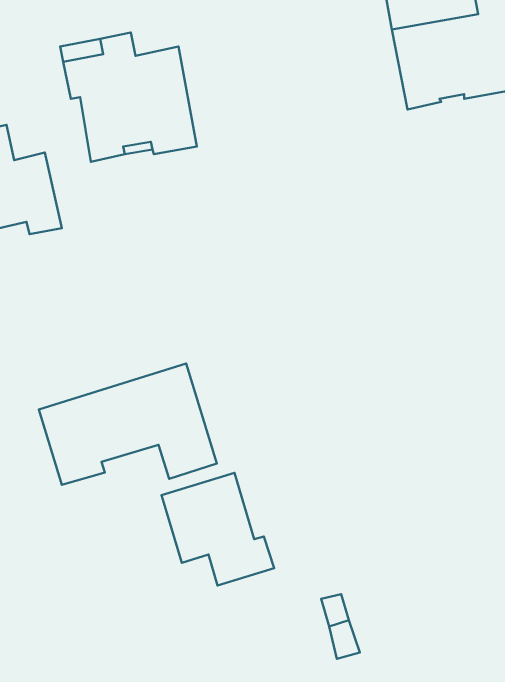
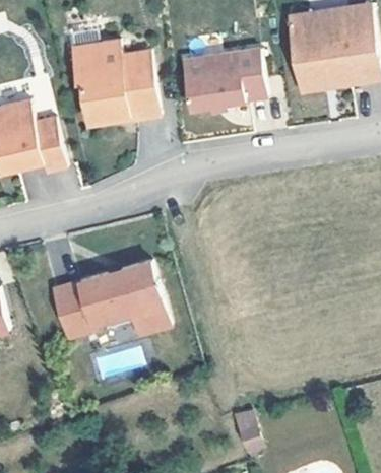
building: none -> [181,49,265,109]
building: [161,473,274,586] -> none

